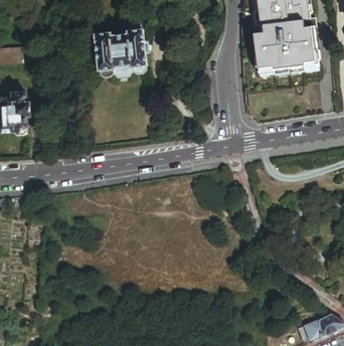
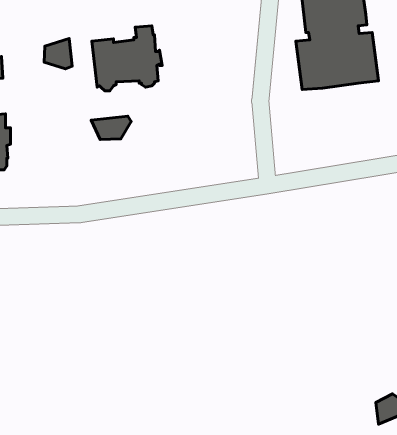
building: none -> [44,39,72,69]
building: none -> [91,116,131,139]

